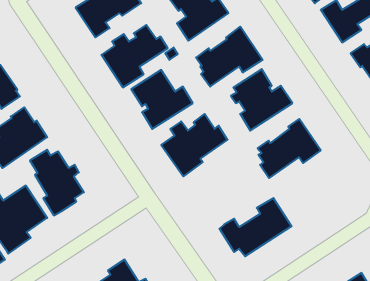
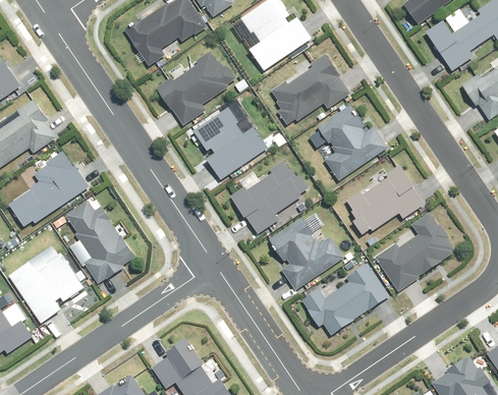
building: none -> [376,211,454,290]
building: none -> [269,220,343,289]

